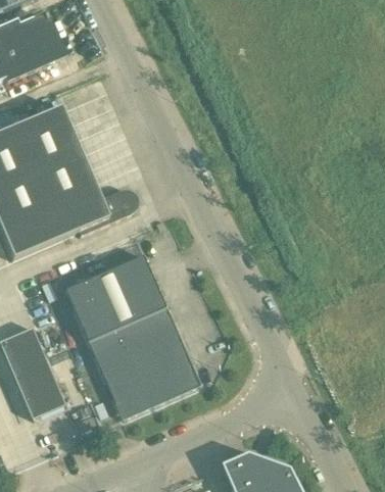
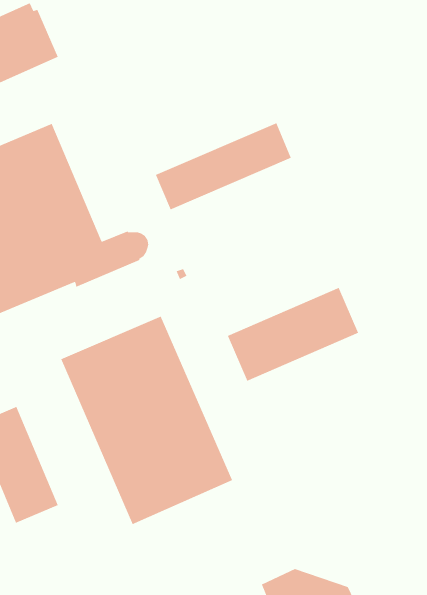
building: none -> [155,122,292,210]
building: none -> [227,287,359,382]

